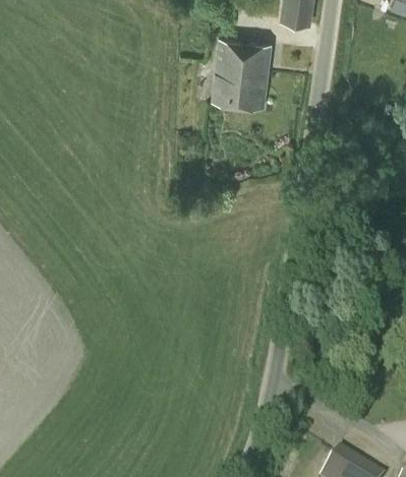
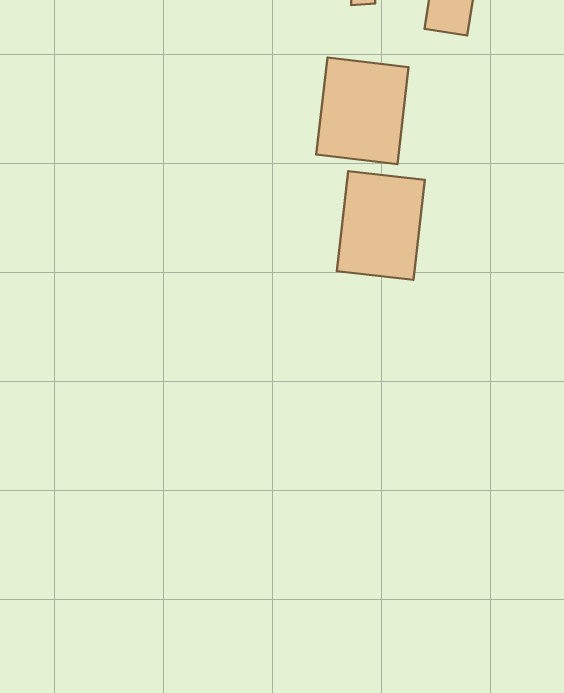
building: none -> [337,171,425,280]

